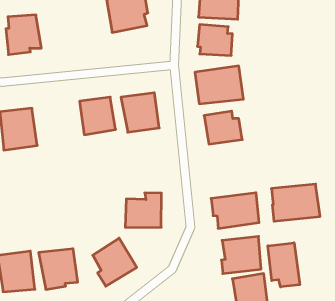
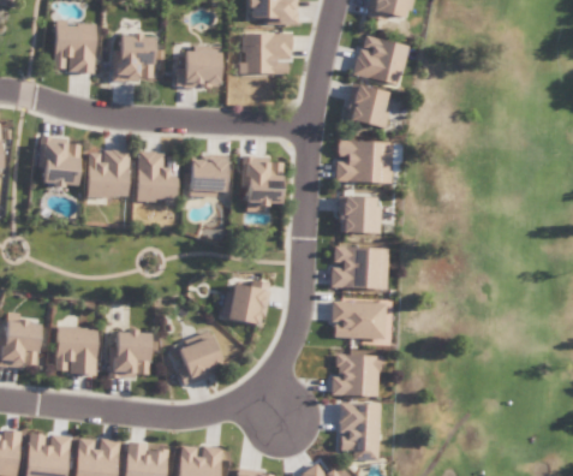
building: none -> [175,44,221,87]
building: none -> [136,151,178,201]
building: [271,184,320,221] -> [330,245,389,290]
building: [268,243,300,287] -> none

